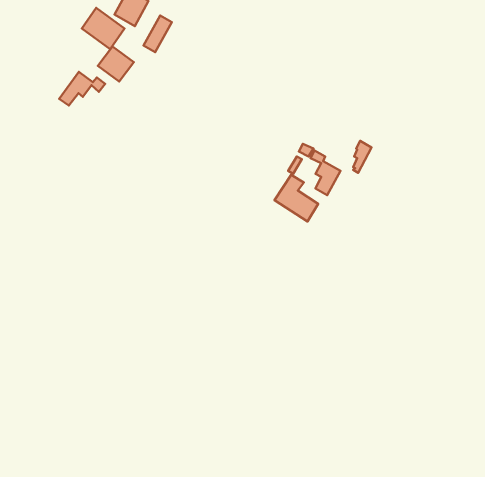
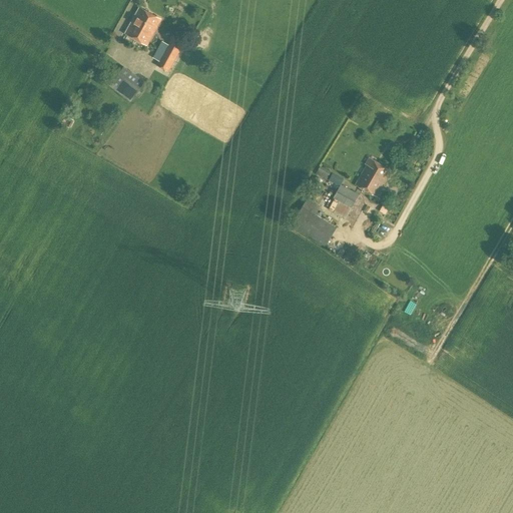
building: [82,8,125,49] -> none
building: [59,72,105,106] -> none
building: none -> [355,156,379,192]

